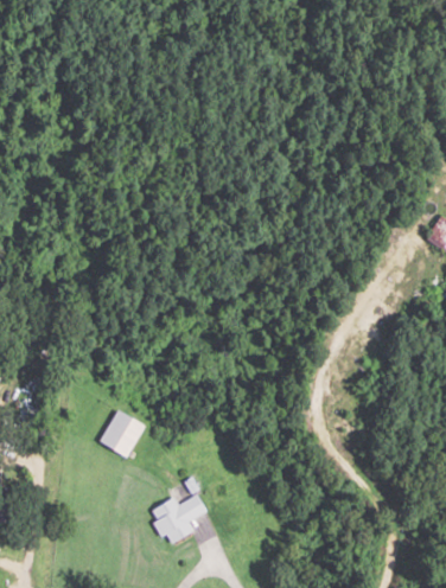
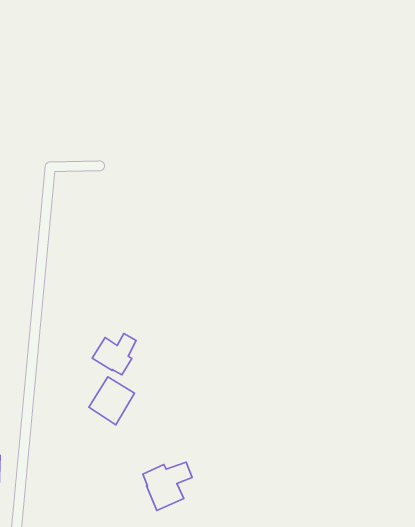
building: none -> [92,334,136,375]

